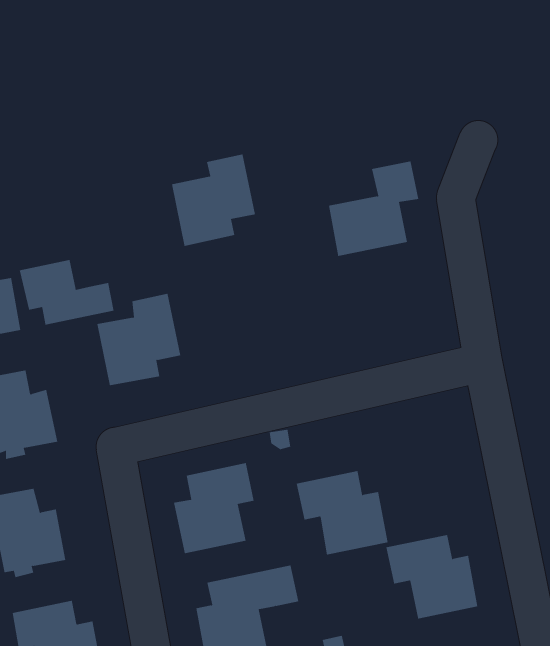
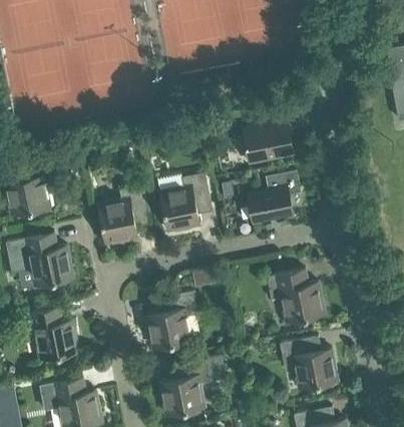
building: [171,154,256,246] -> [160,174,214,233]
building: [19,259,114,325] -> none
building: none -> [248,171,302,224]
building: [296,471,388,555] -> [267,271,325,324]

